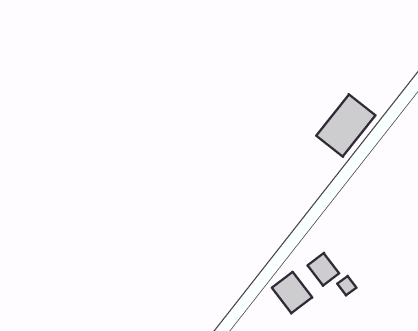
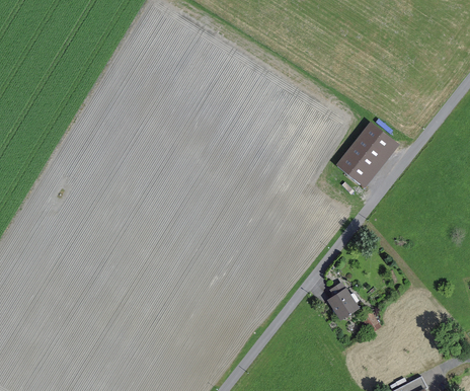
building: [272,272,312,313] -> none

